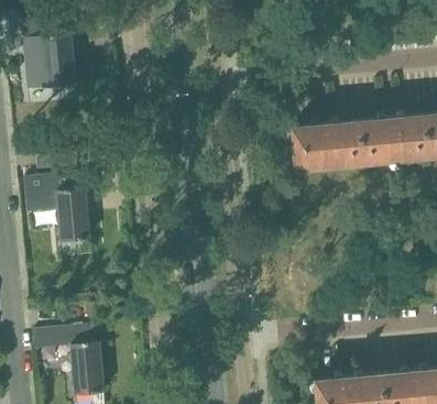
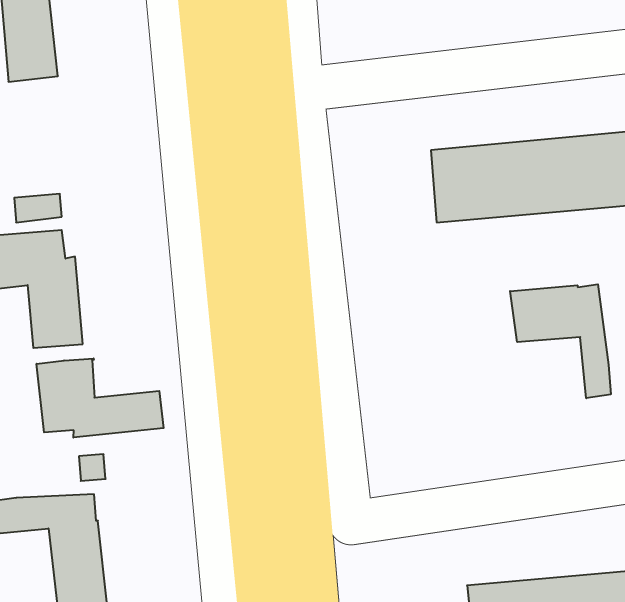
building: none -> [510,284,611,398]
building: none -> [37,358,164,438]

